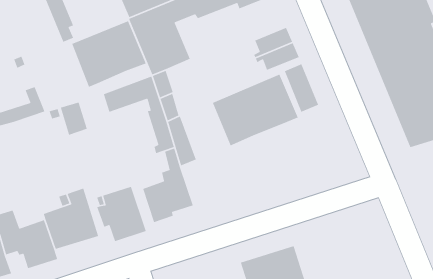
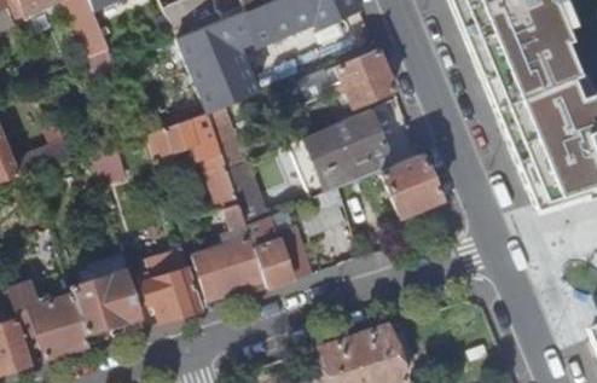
building: [71,20,147,88] -> none
building: none -> [381,155,442,217]
building: none -> [245,216,311,290]

